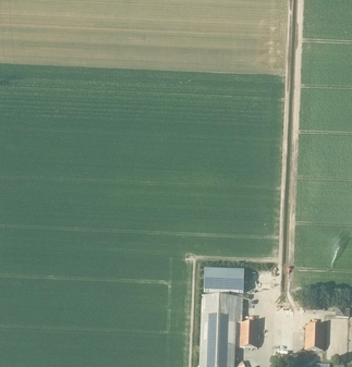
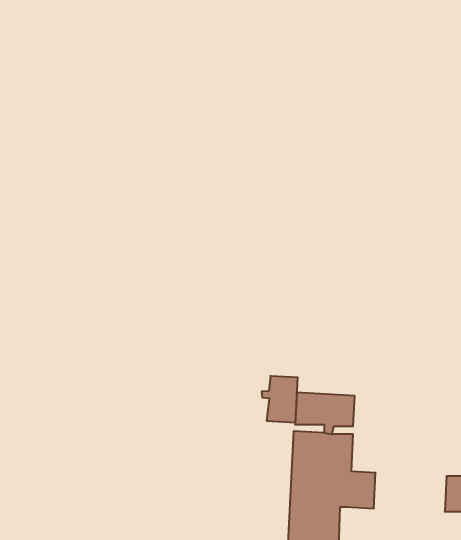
building: none -> [262,376,298,423]

